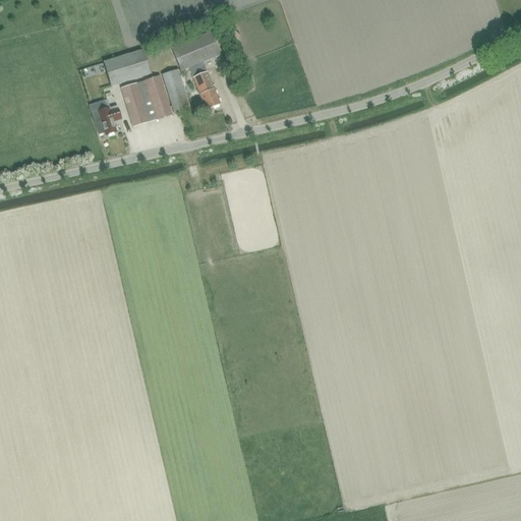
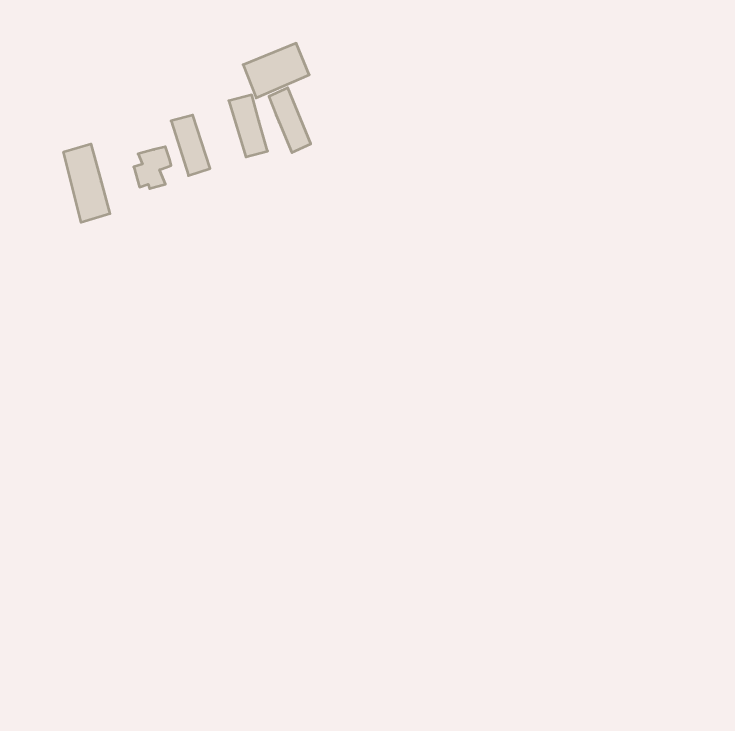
building: [104,48,151,83] -> none
building: [146,73,172,116] -> none
building: none -> [64,144,110,222]

